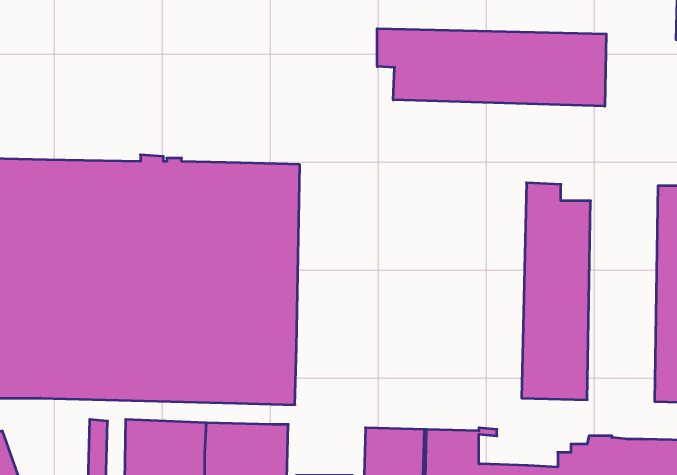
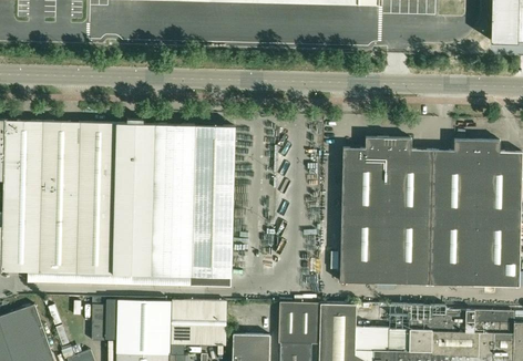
building: [377,29,606,106] -> none
building: none -> [340,137,388,282]
building: none -> [429,140,476,285]

